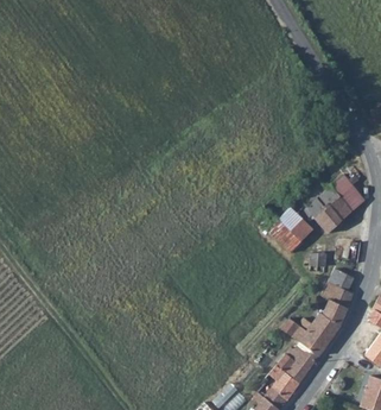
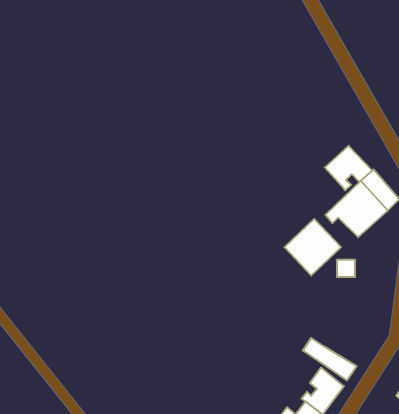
building: none -> [325,146,372,190]
building: [303,280,356,336] -> none

